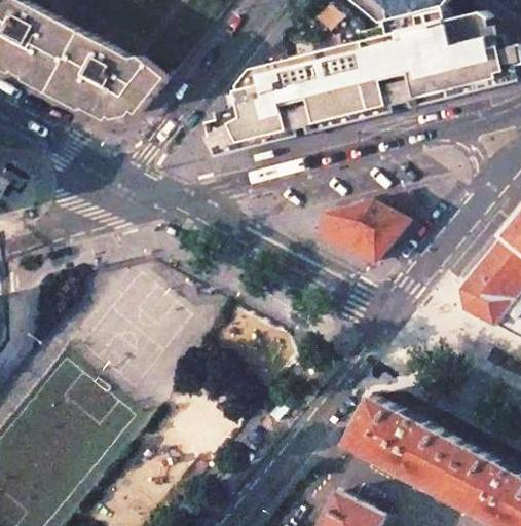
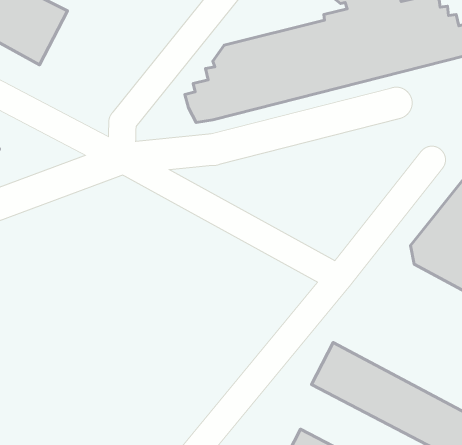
building: [46,32,164,122] -> none
building: [319,194,414,263] -> none

